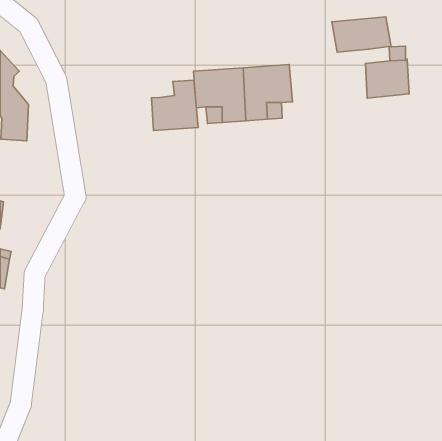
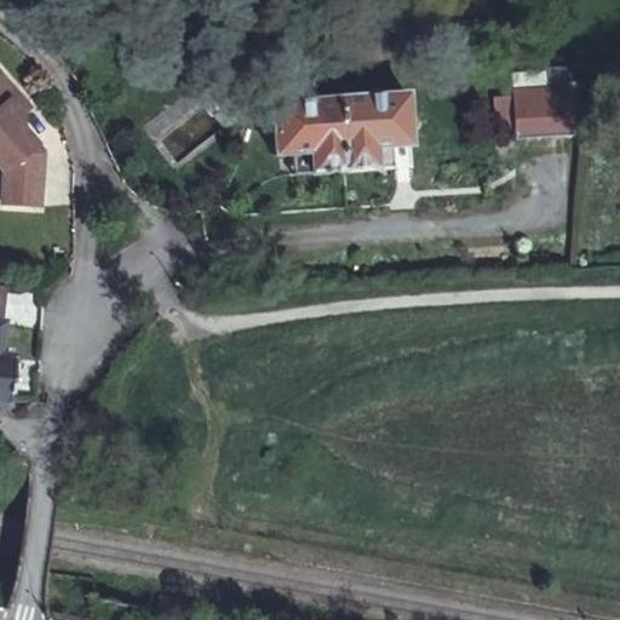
building: [332,17,391,52] -> none
building: [151,80,198,131] -> none

